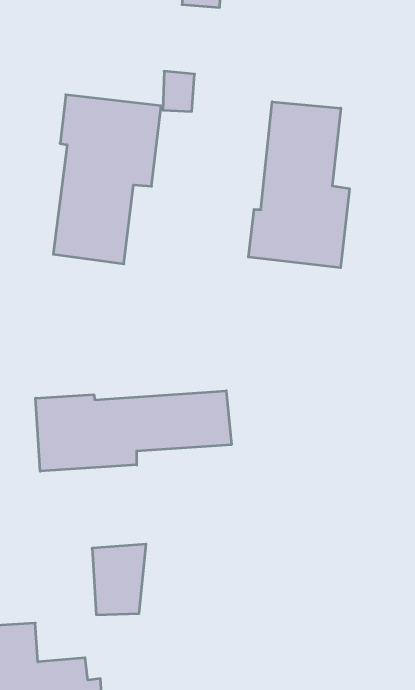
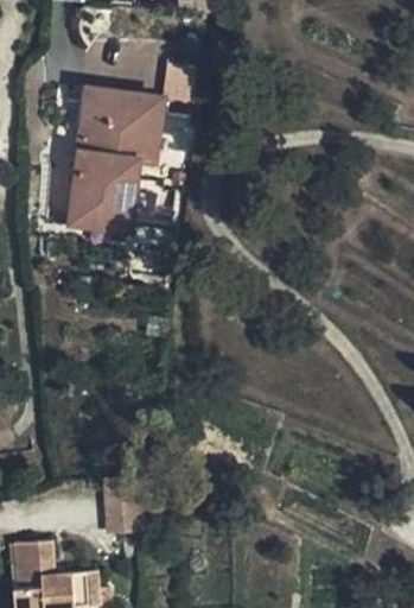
building: [248,102,349,268] -> none
building: [36,391,231,471] -> none

